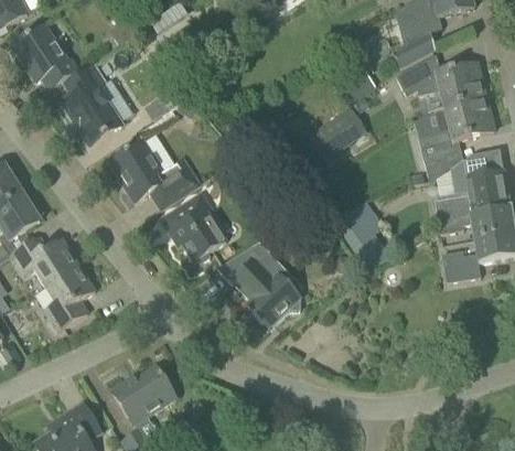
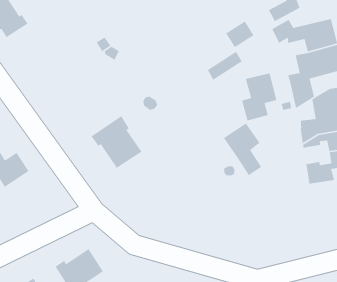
building: [60,63,122,146] -> none
building: none -> [241,73,277,121]
building: [108,139,199,205] -> none
building: [216,240,300,321] -> none
building: [44,264,95,331] -> none

